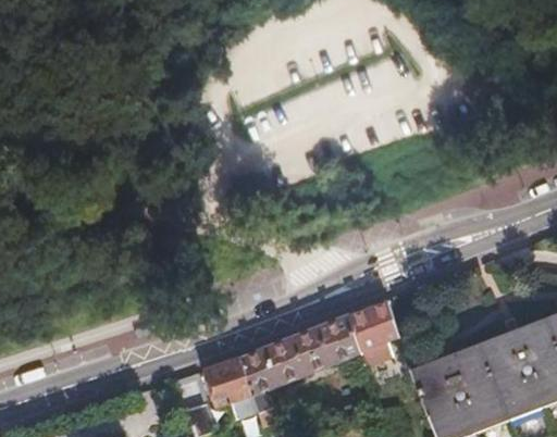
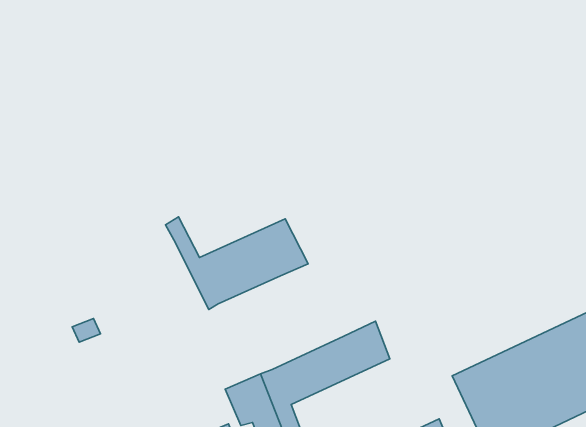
building: none -> [166,217,308,310]
building: [346,308,391,367] -> none

